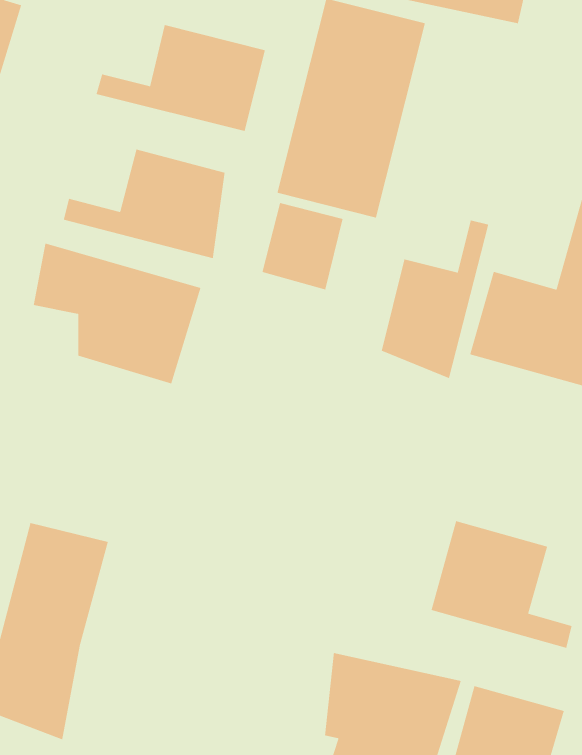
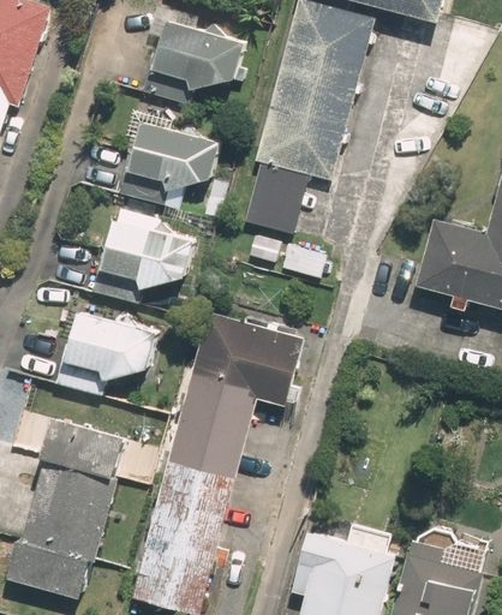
building: [381,219,489,379] -> none
building: none -> [40,305,154,399]
building: none -> [136,309,305,596]
building: [431,520,573,649] -> none

